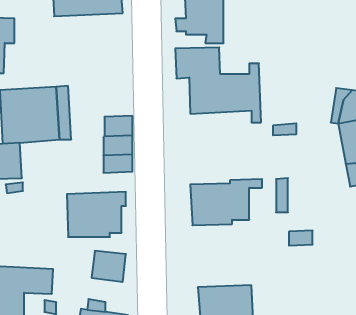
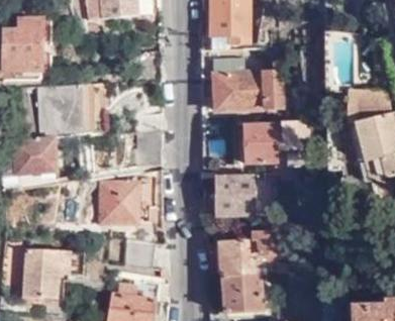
building: none -> [241,120,290,162]
building: none -> [220,225,302,273]

